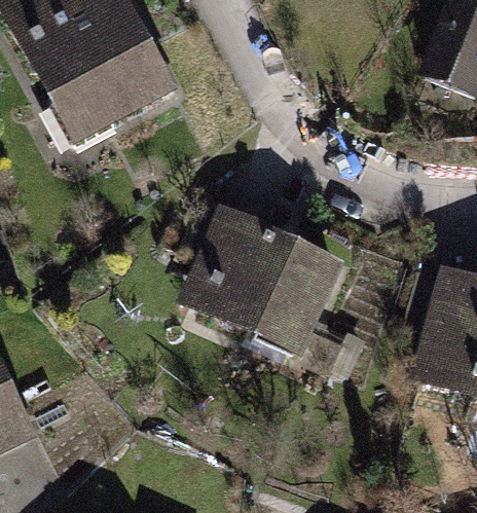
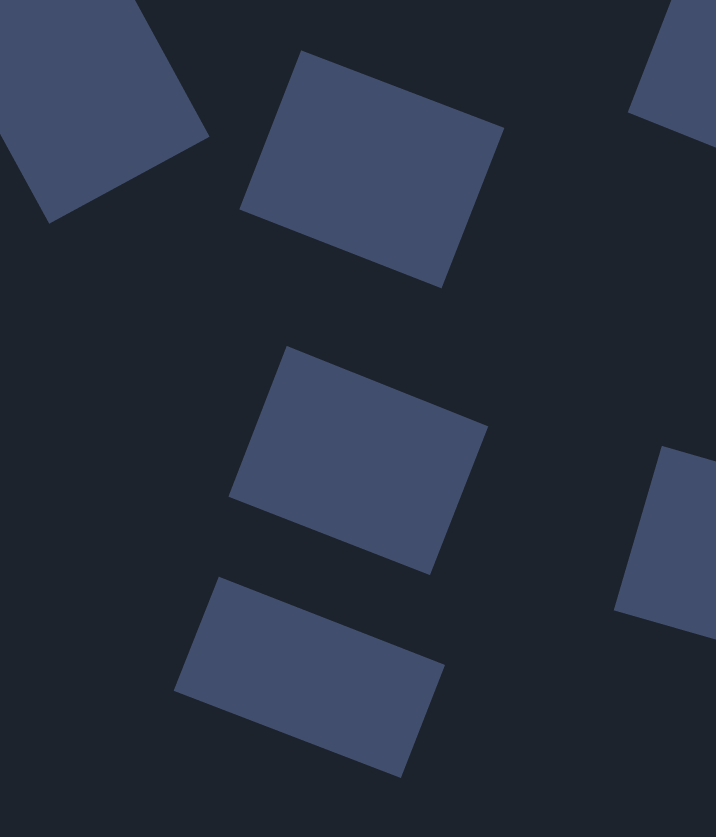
building: none -> [238,49,505,289]
building: none -> [173,576,446,779]

